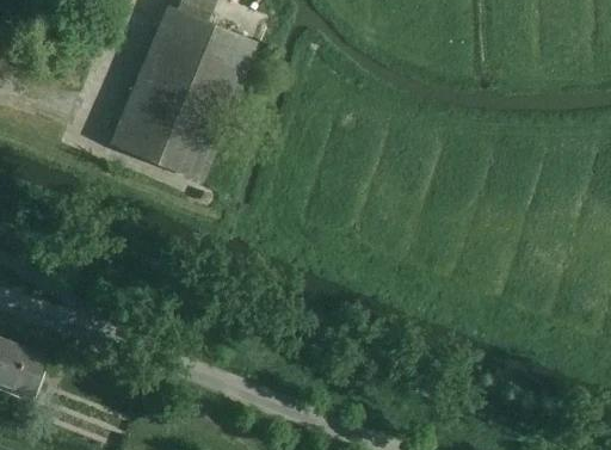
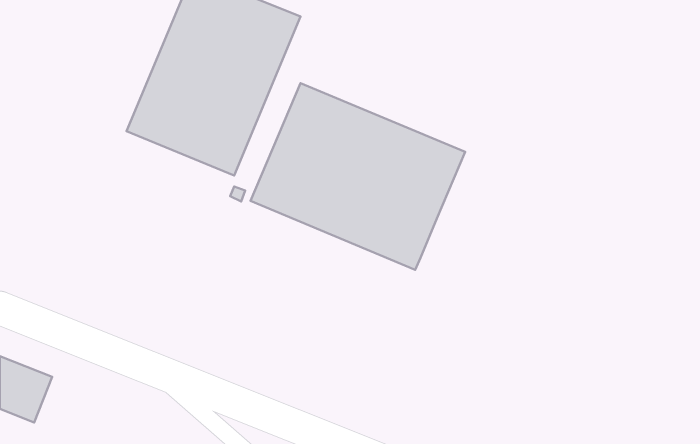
building: none -> [251,83,465,270]

